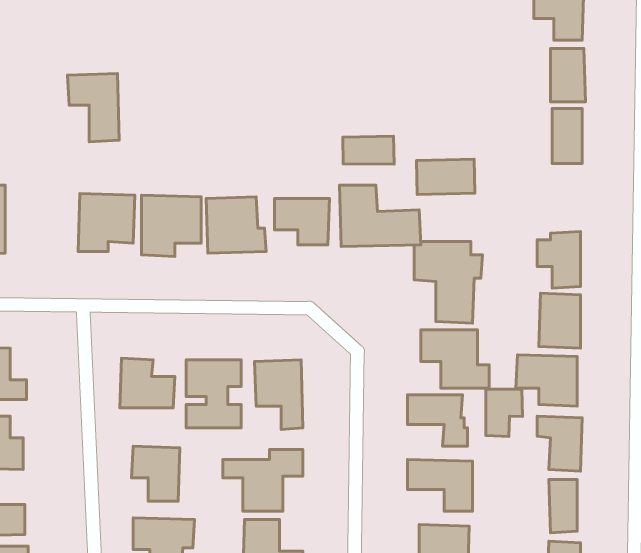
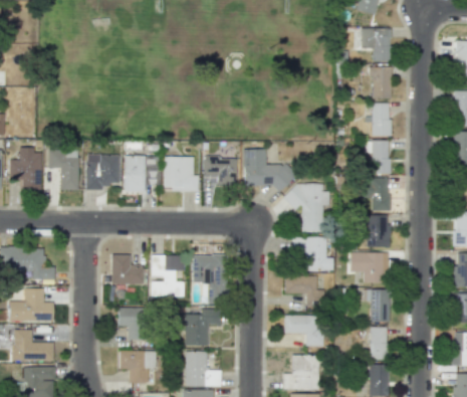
building: [68,74,119,142] -> [47,149,78,190]
building: [343,136,394,164] -> none
building: [416,159,475,194] -> none
building: none -> [366,140,390,174]
building: [486,389,522,436] -> none

